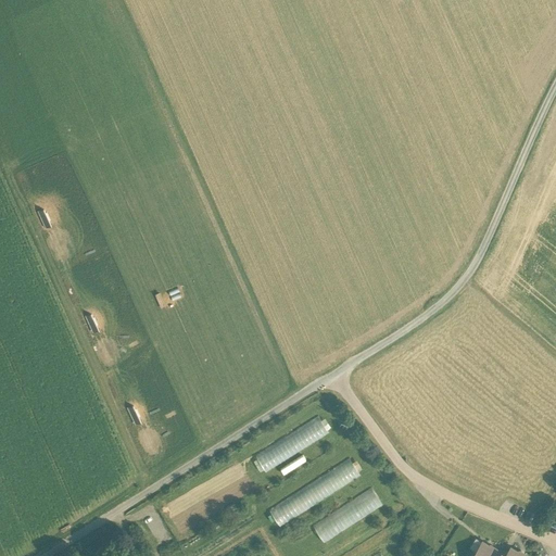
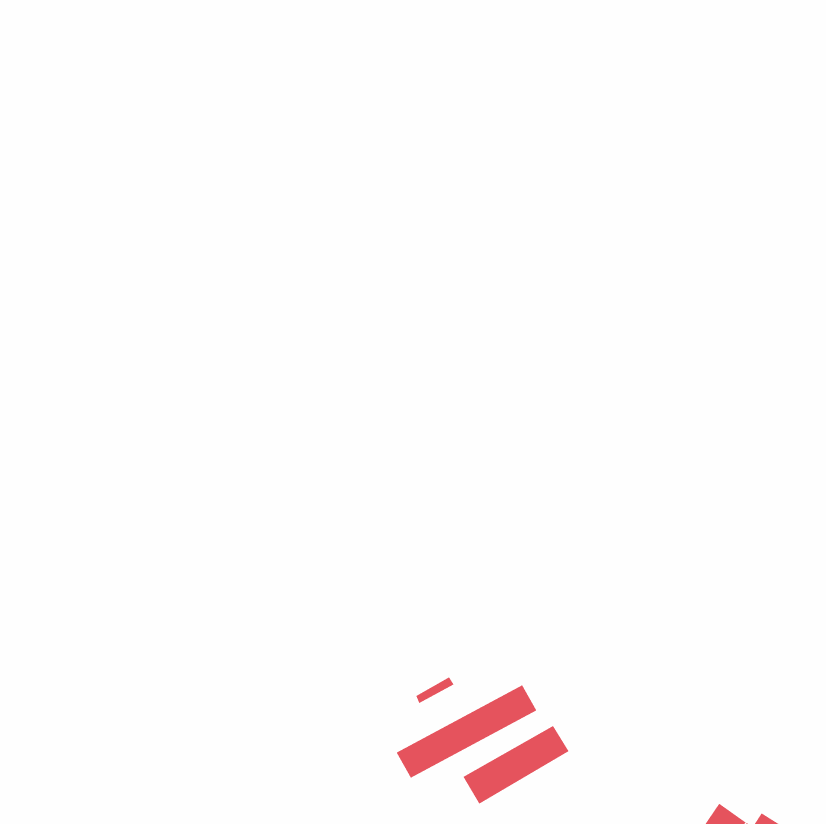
building: [253,419,328,470] -> none

